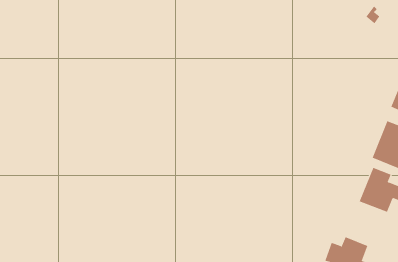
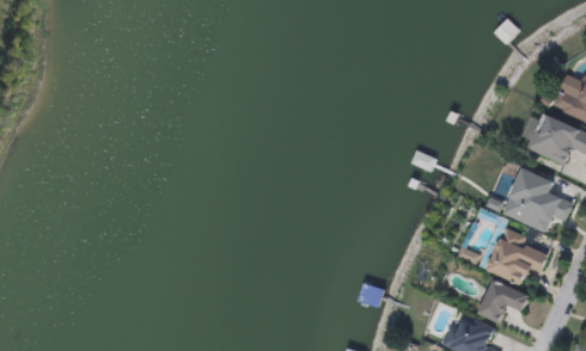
building: none -> [476,277,529,324]

